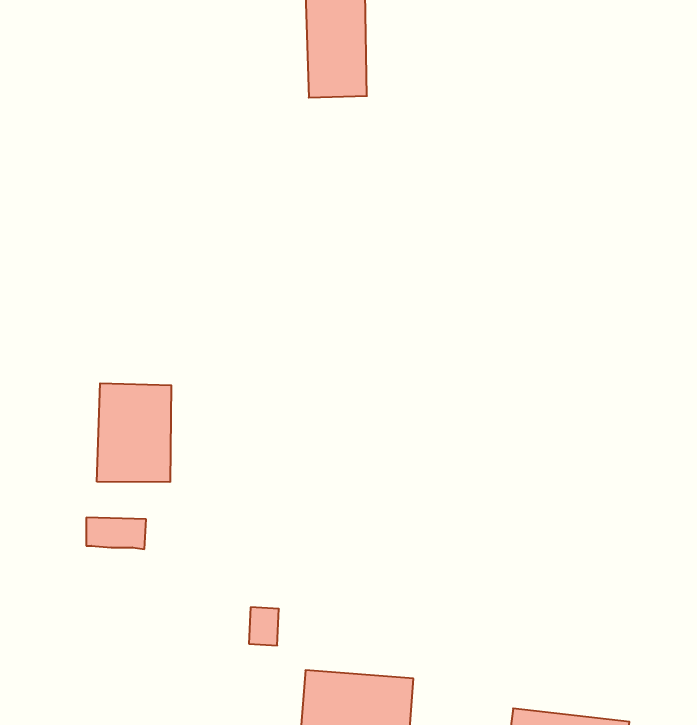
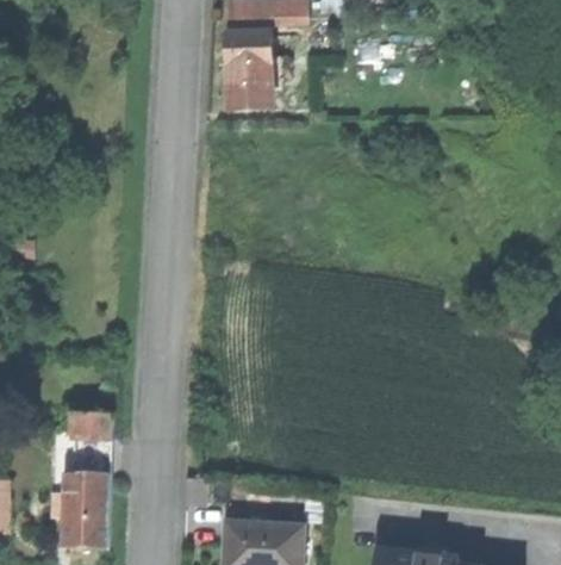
building: [97,383,171,482] -> none
building: none -> [63,472,110,546]

